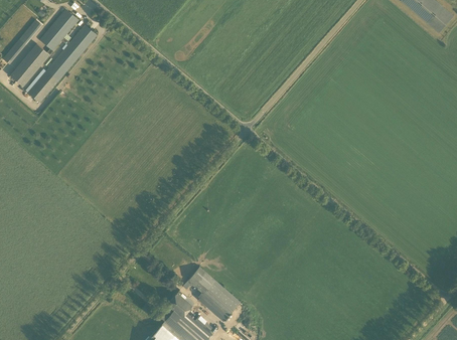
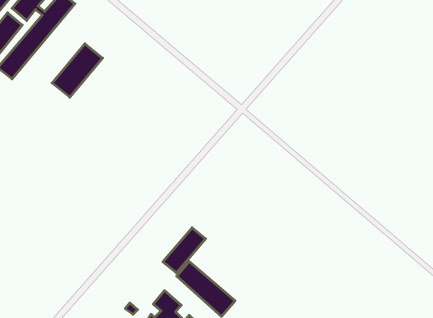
building: none -> [52,44,103,97]
building: none -> [163,228,206,273]

